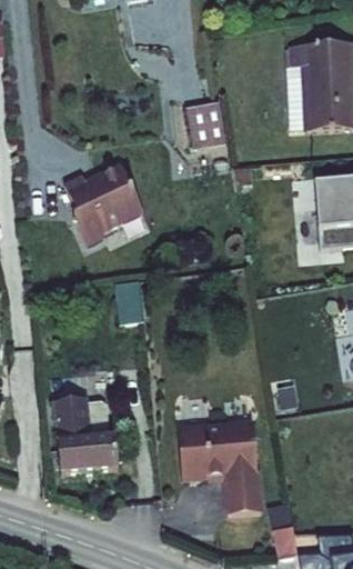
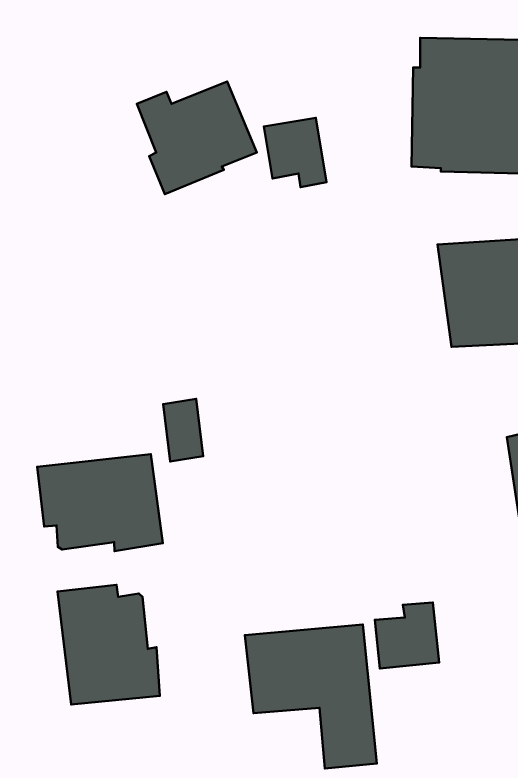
building: [74,168,151,240] -> [137,81,257,194]
building: none -> [37,454,163,551]
building: none -> [375,602,439,669]

